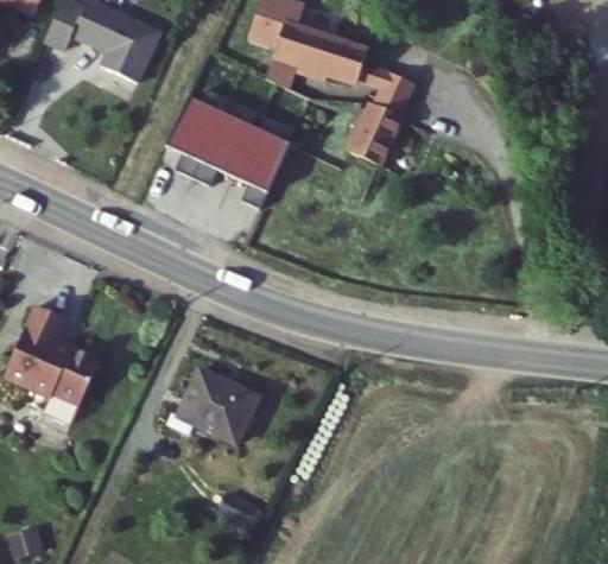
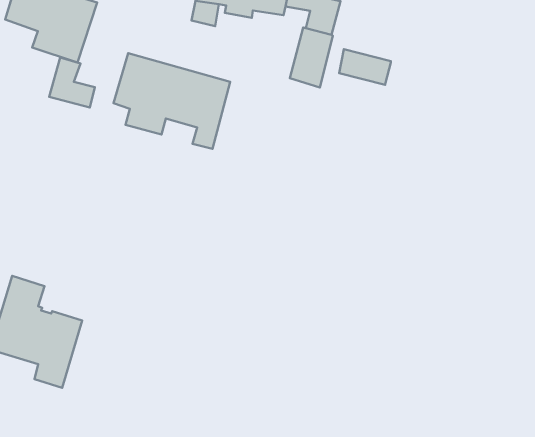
building: none -> [49,57,95,107]
building: none -> [339,49,391,85]
building: [172,373,264,449] -> none

